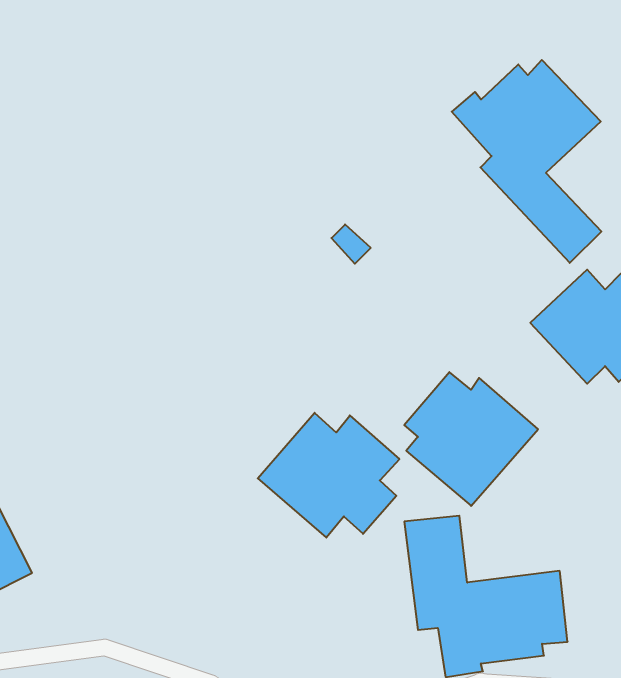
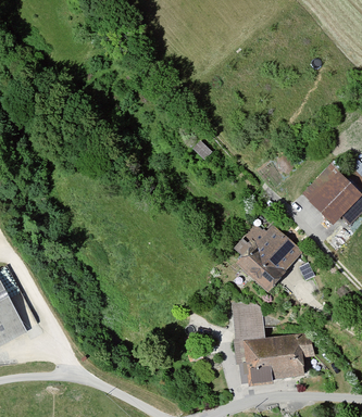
building: [452,60,601,263] -> none
building: [258,413,399,538] -> none

